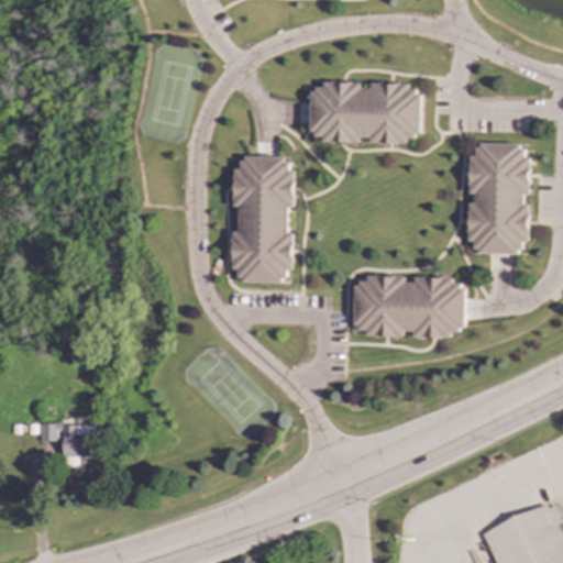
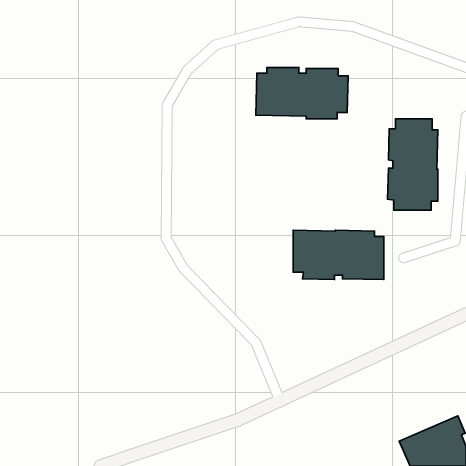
building: [231,156,294,283] -> none
building: [37,423,91,456] -> none

